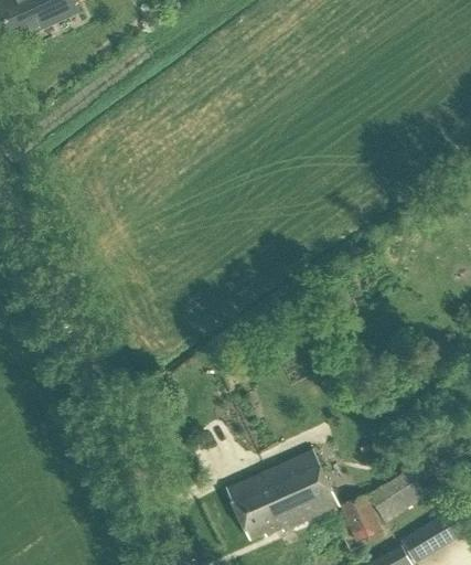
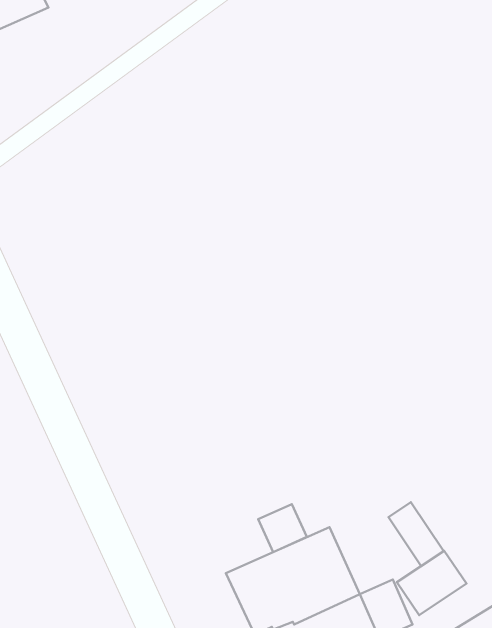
building: none -> [389,502,443,566]
building: none -> [258,504,307,552]

